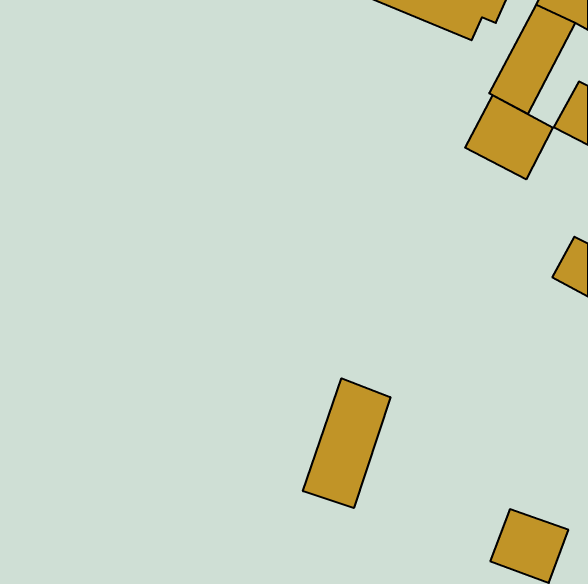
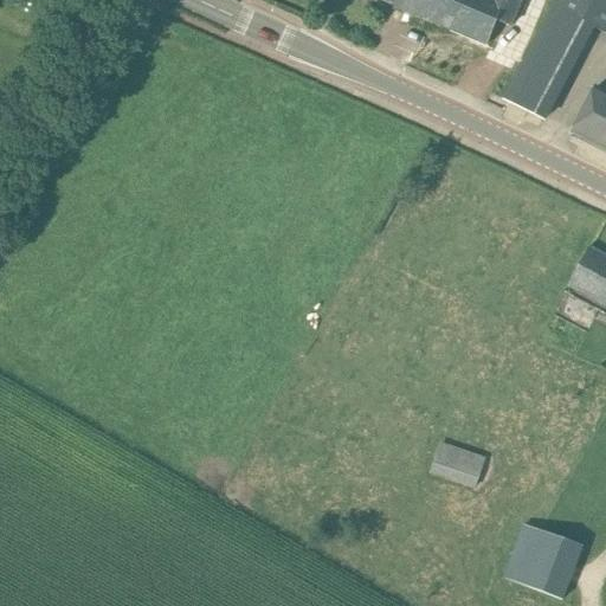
building: [465,95,553,179] -> none
building: [303,378,390,508] -> none
building: none -> [430,439,485,486]

